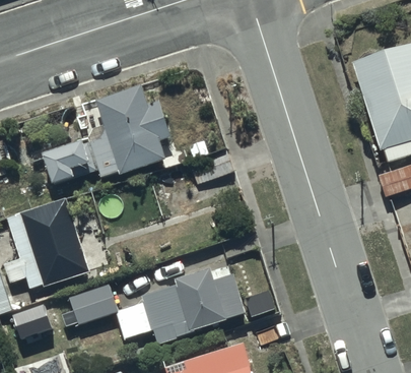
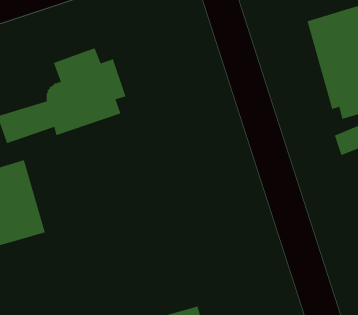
building: [69,267,246,341] -> none

